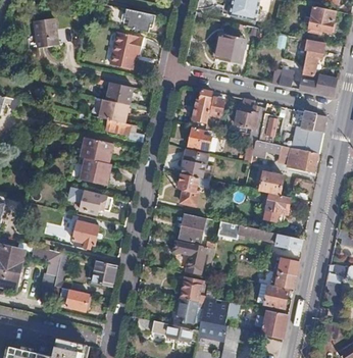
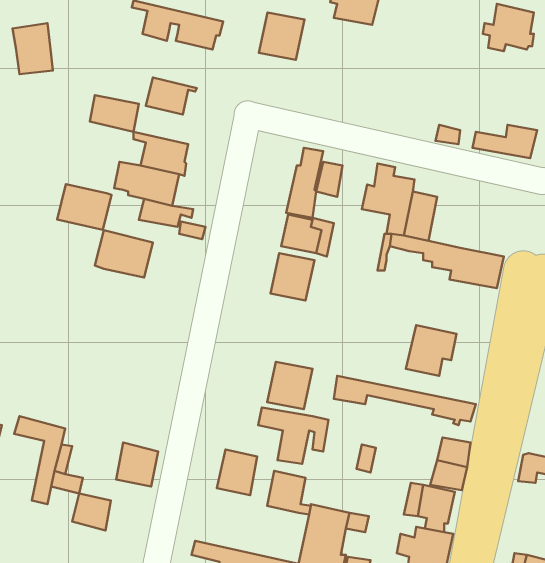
building: [113,33,142,54] -> [90,95,139,132]
building: [219,36,246,63] -> [259,12,304,60]
building: [299,37,324,75] -> none
building: [292,111,325,152] -> none
building: [80,159,111,186] -> [57,184,112,230]
building: [259,171,284,193] -> none
building: [178,173,219,203] -> none
building: [79,192,112,214] -> none
building: [71,220,98,249] -> none
building: [174,297,198,323] -> [217,450,257,495]

